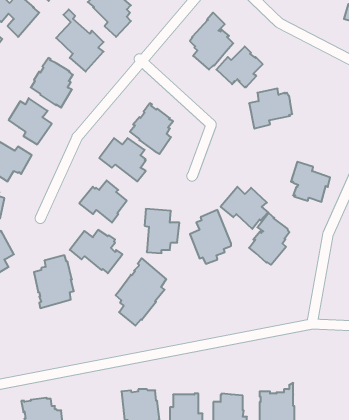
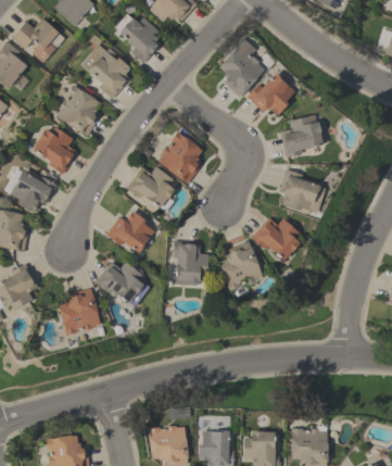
building: [291,162,330,202] -> [279,169,319,211]
building: [249,213,289,265] -> none
building: [116,258,166,326] -> none

